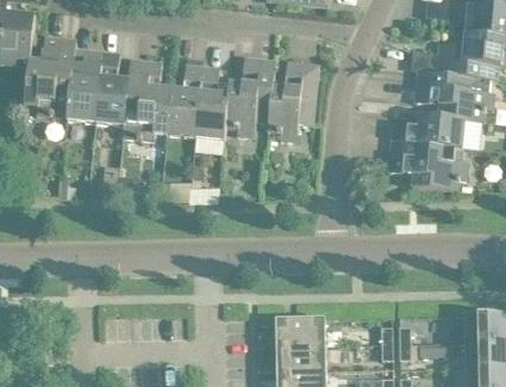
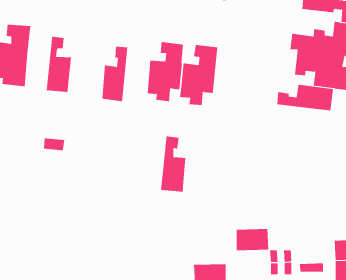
building: [66,49,99,121] -> none
building: [120,59,167,139] -> none
building: [191,64,225,137] -> [160,136,186,192]
building: [386,139,467,190] -> none
building: [282,317,325,345] -> [236,229,269,251]

